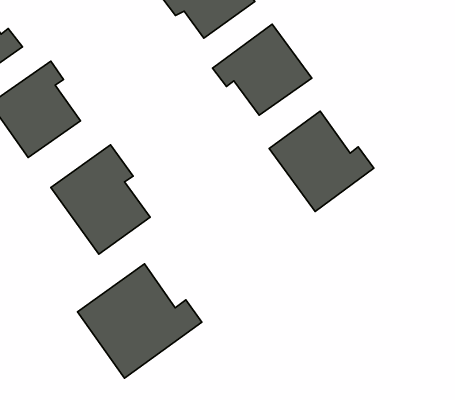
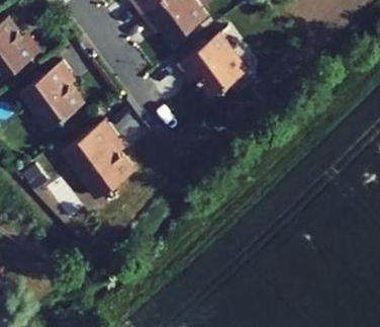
building: [269,111,374,212] -> none
building: [78,264,202,378] -> none

